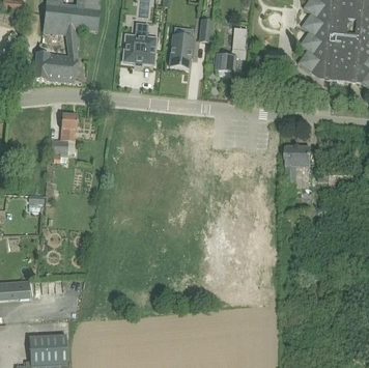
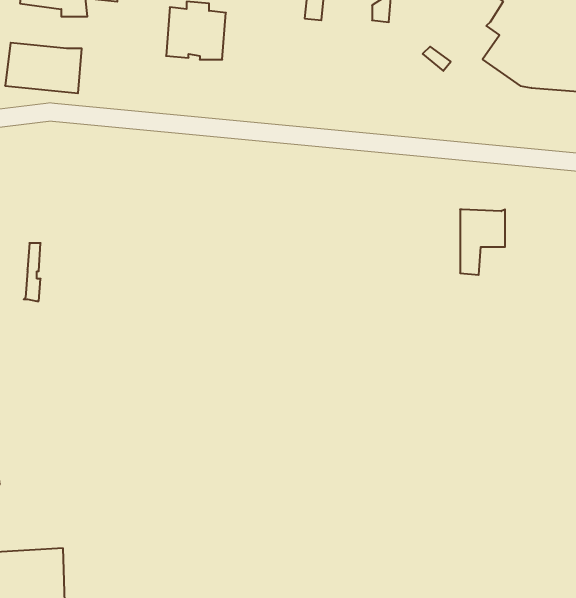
building: [170,34,195,67] -> none
building: [215,48,246,75] -> none
building: [51,113,78,152] -> none

